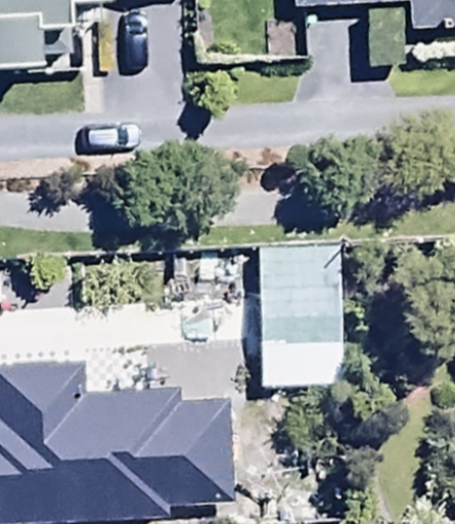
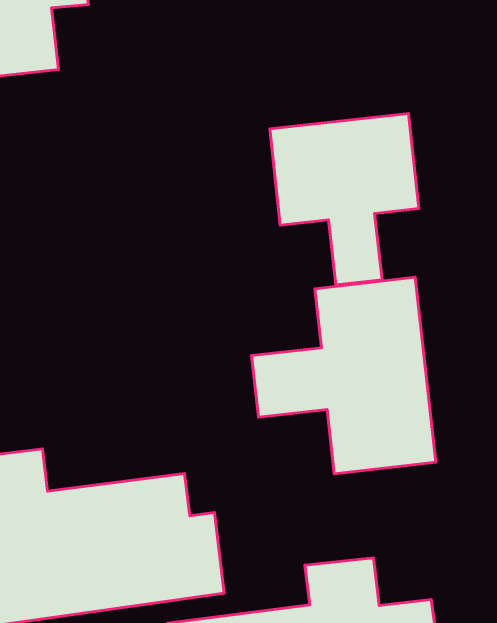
building: none -> [270,113,419,285]

